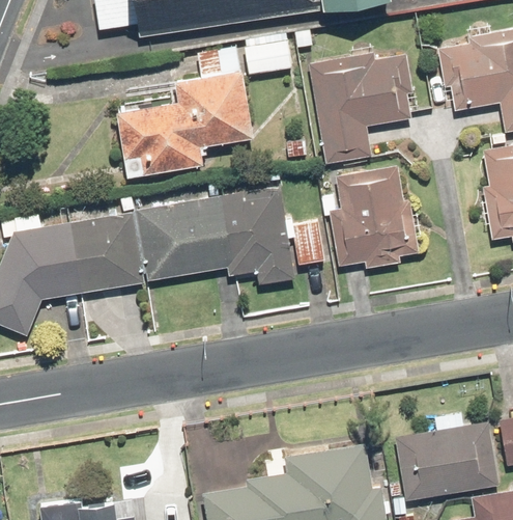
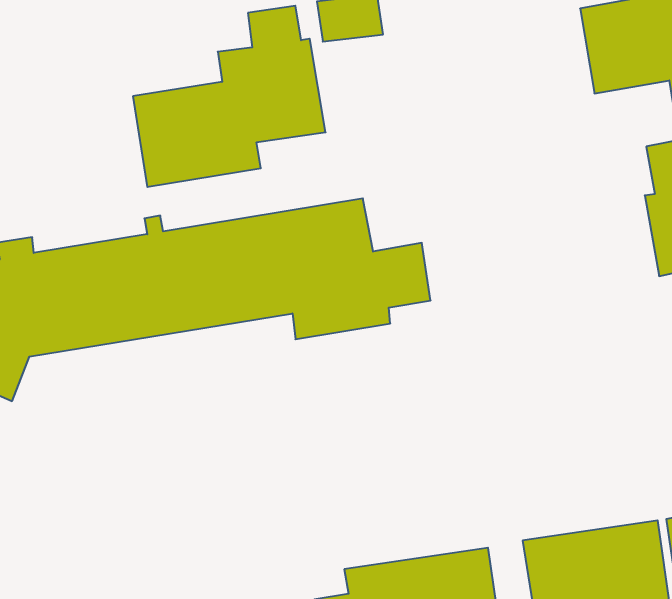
building: [311,54,420,161] -> none
building: [324,168,420,268] -> none

